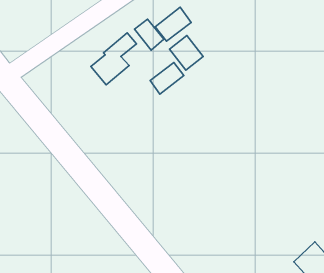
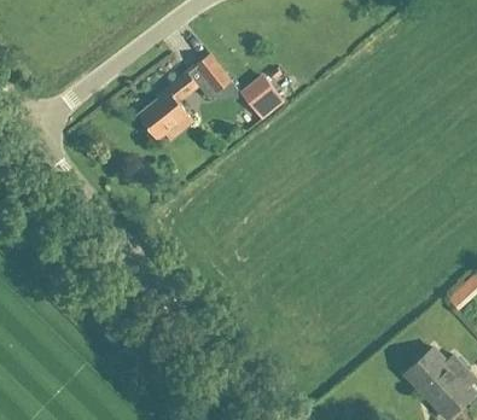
building: [155,7,191,41] -> none
building: [150,63,184,94] -> none

